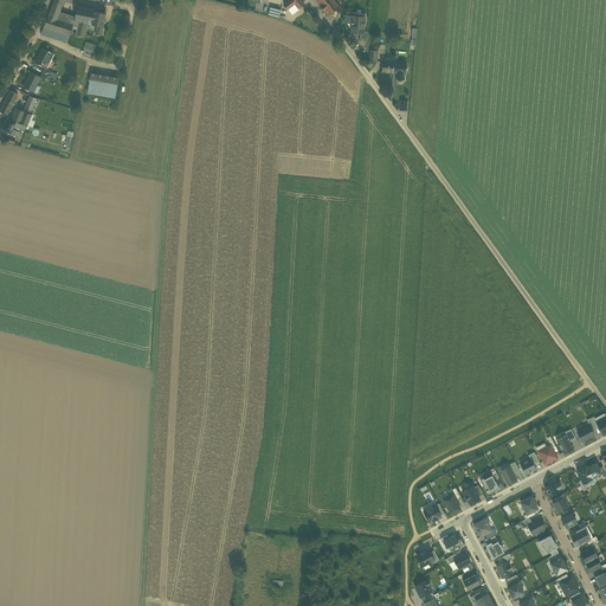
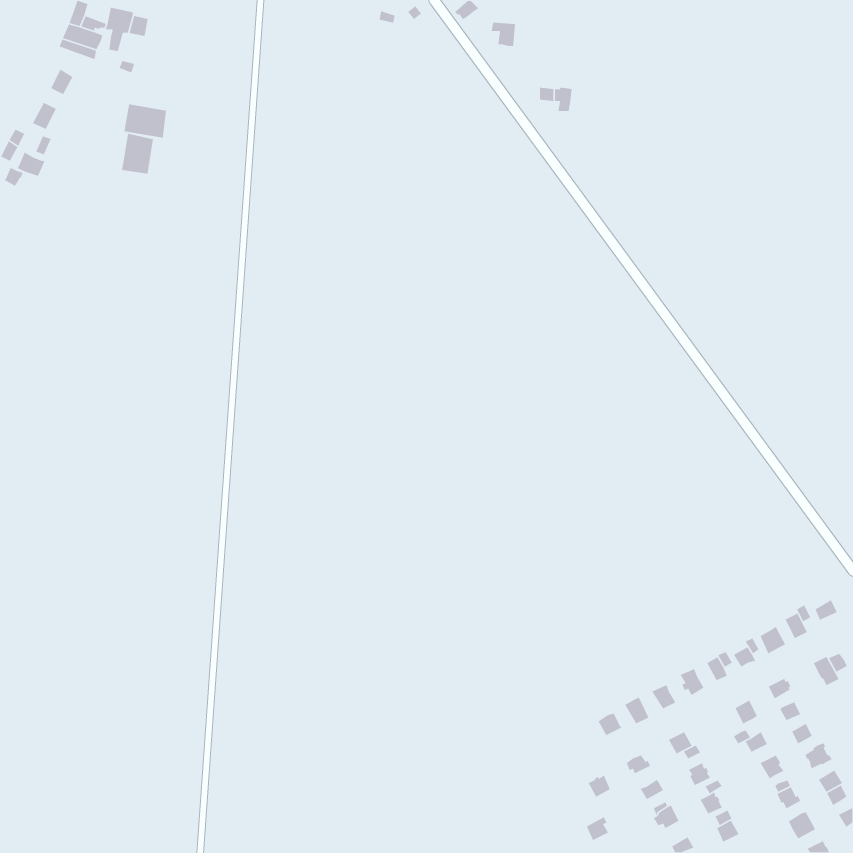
building: none -> [121,133,154,175]

